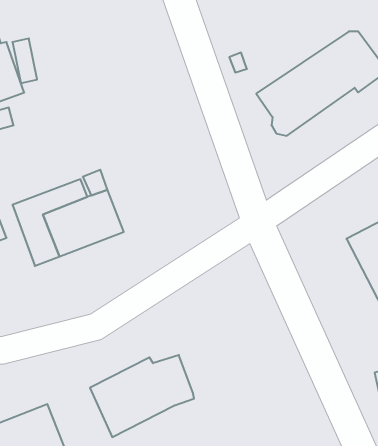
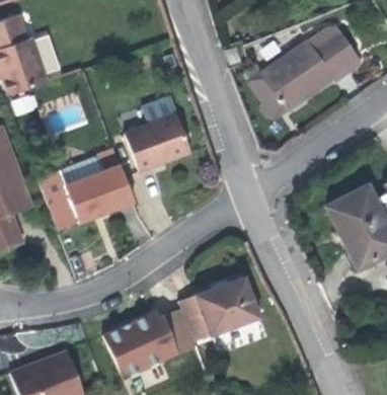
building: none -> [125,114,191,171]
building: none -> [178,276,259,340]

